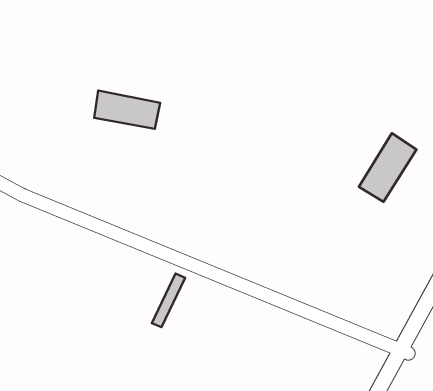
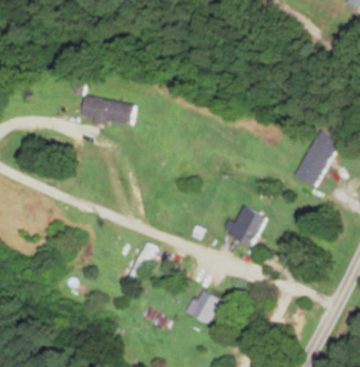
building: none -> [229,204,267,245]
building: none -> [185,288,223,325]

